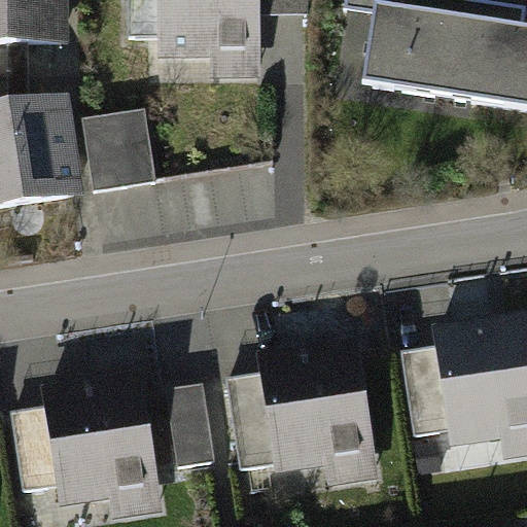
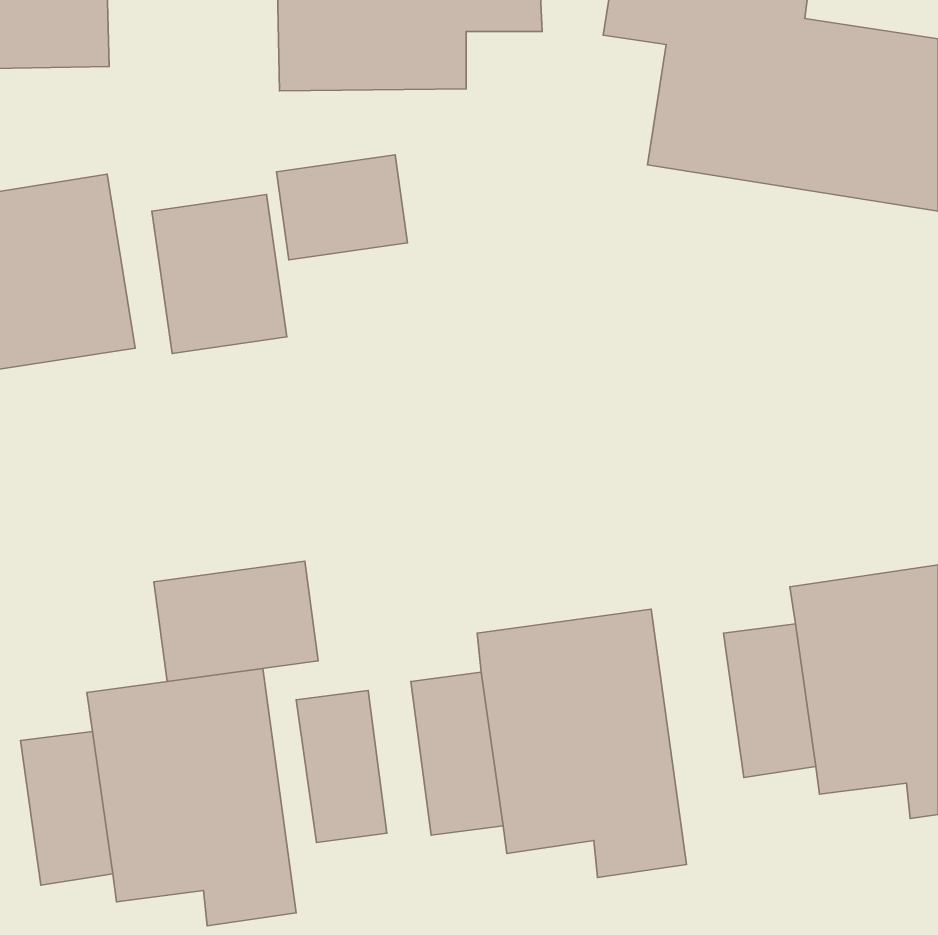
building: none -> [276,155,407,260]
building: none -> [154,561,318,681]

